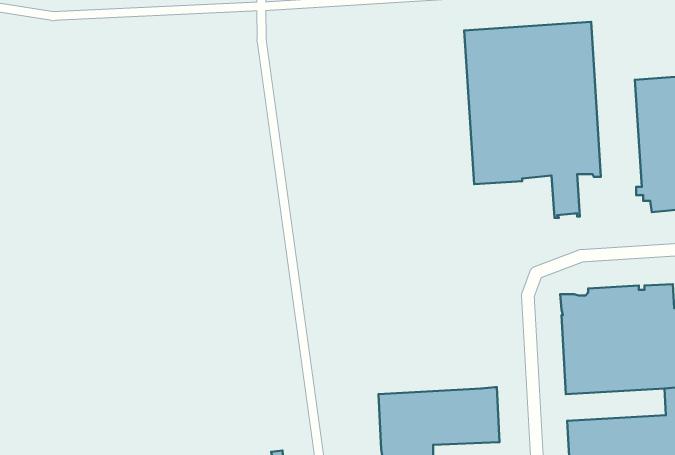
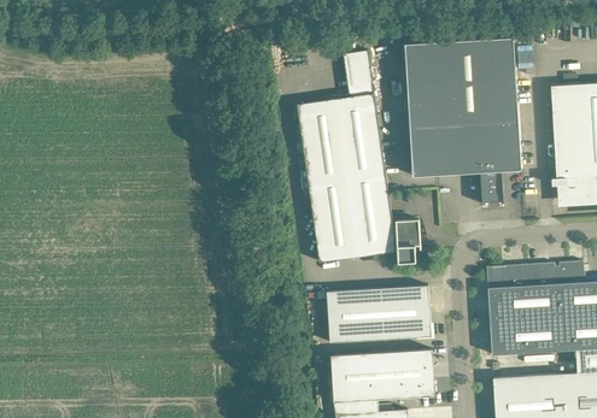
building: none -> [298,51,421,263]
building: none -> [327,285,432,342]

